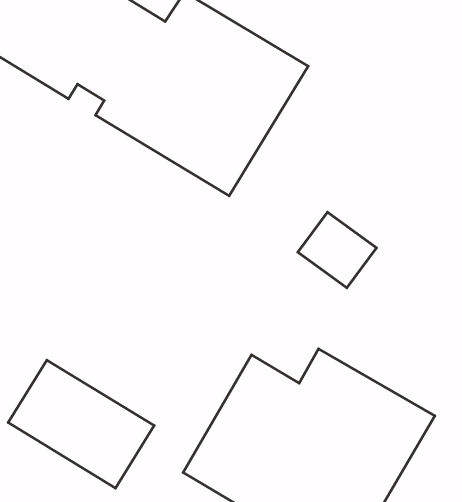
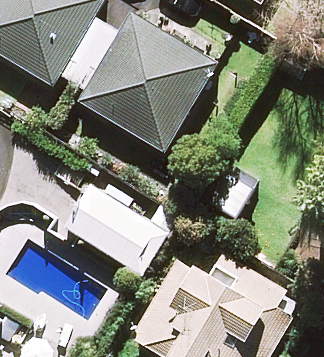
building: [8,360,154,488] -> [70,188,168,274]

